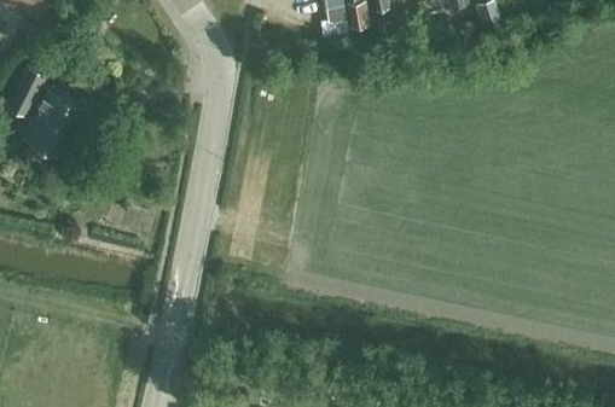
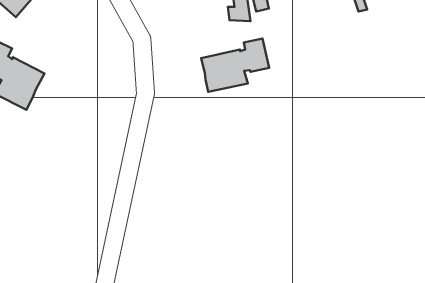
building: none -> [201,38,269,92]

